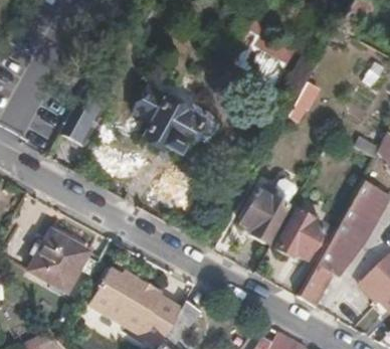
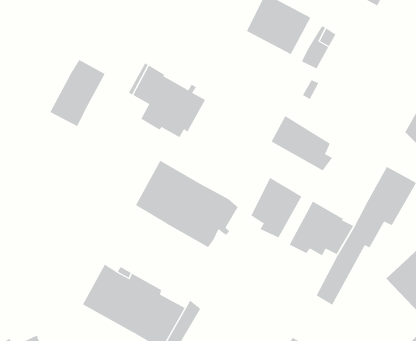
building: none -> [271,115,333,171]
building: none -> [135,160,239,248]
building: [31,229,91,291] -> none

